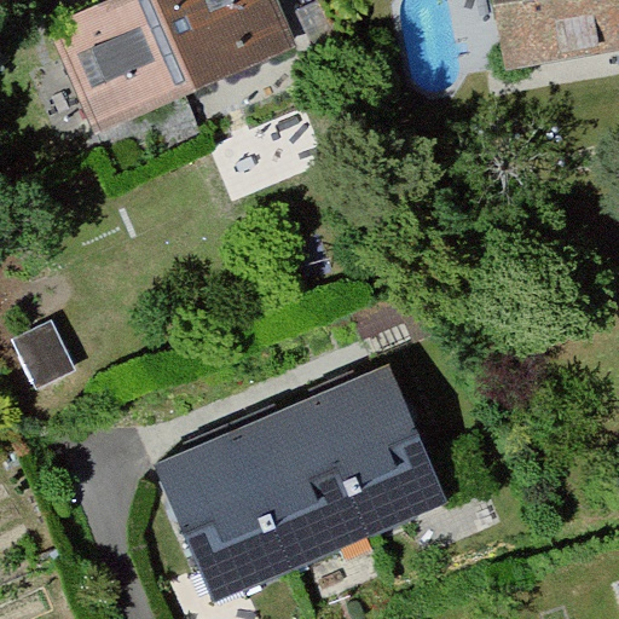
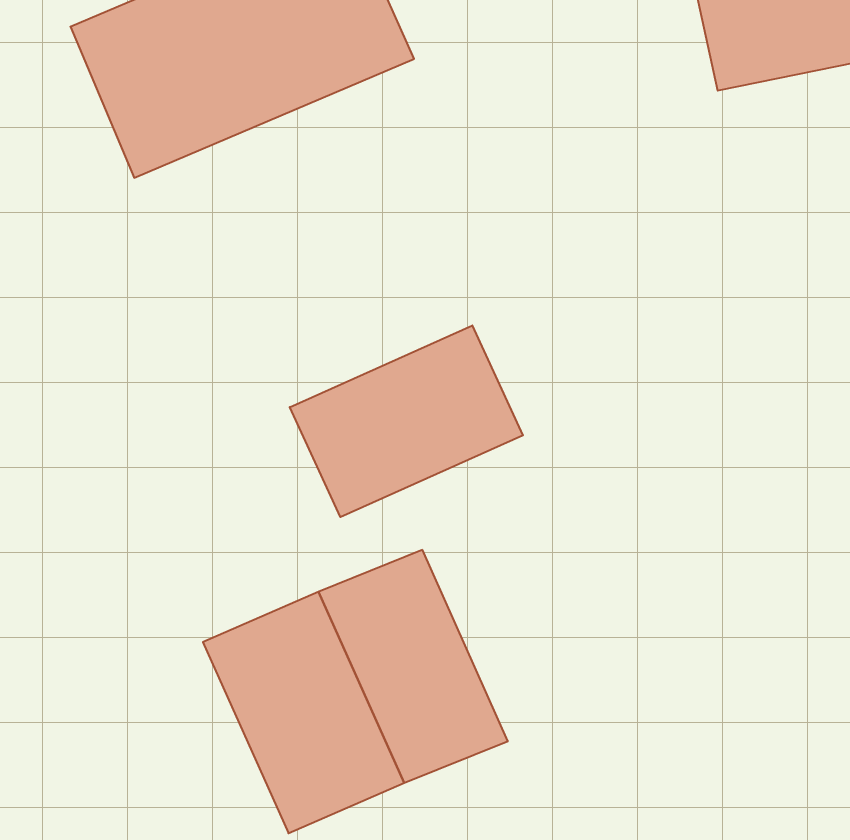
building: none -> [290,325,523,517]
building: [310,368,452,534] -> none

